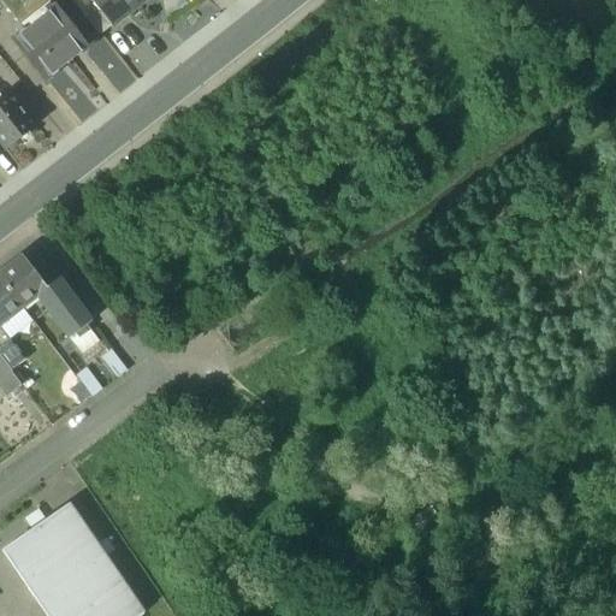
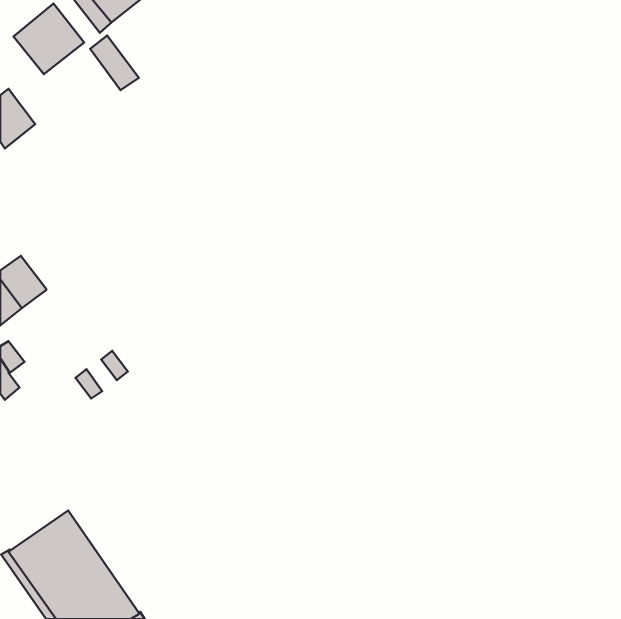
building: [37,277,89,334] -> none

